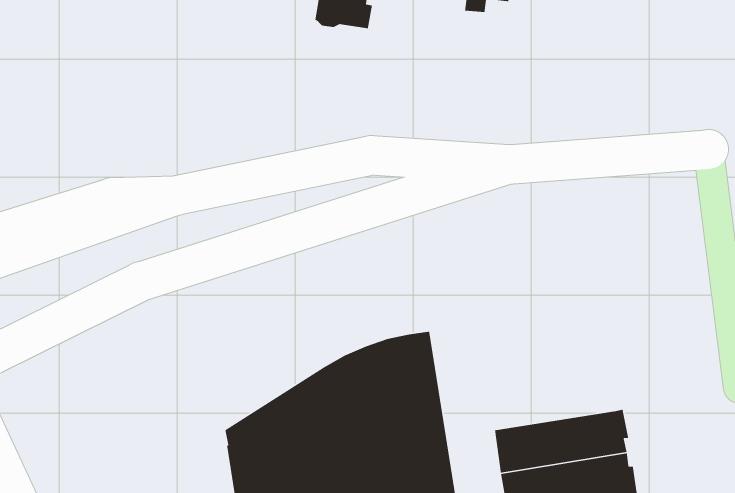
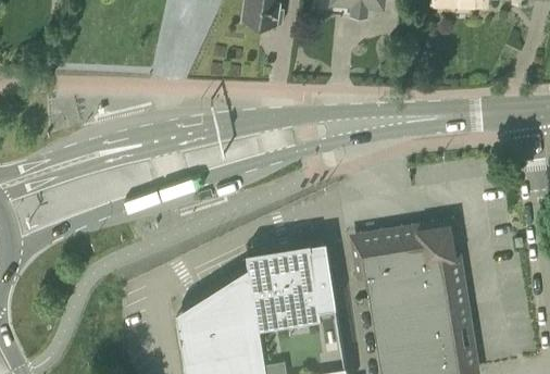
building: none -> [353,226,461,317]

